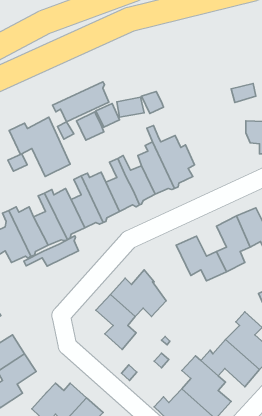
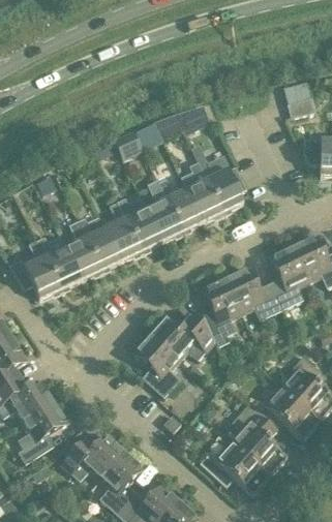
building: [53,82,109,122] -> none
building: [9,117,70,177] -> none
building: [24,236,78,266] -> none
building: none -> [199,279,242,346]

